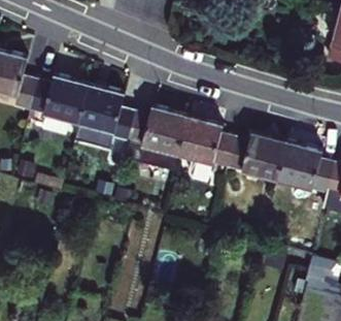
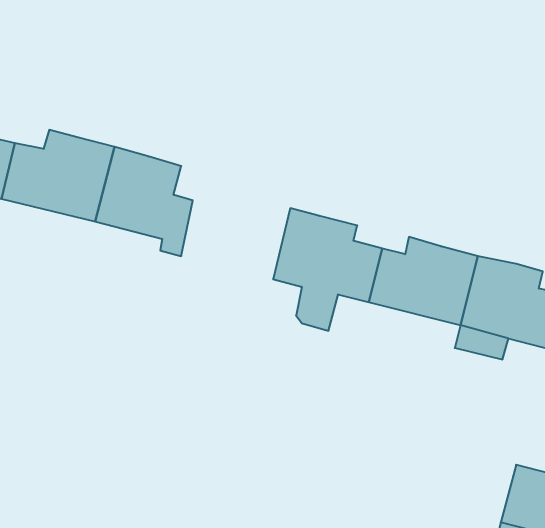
building: [130,108,189,156] -> none

